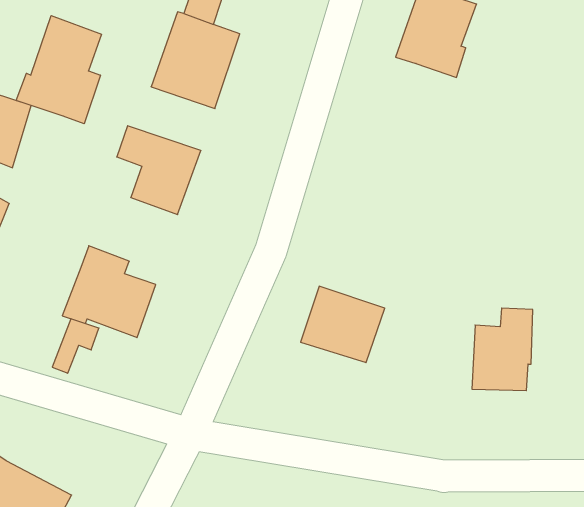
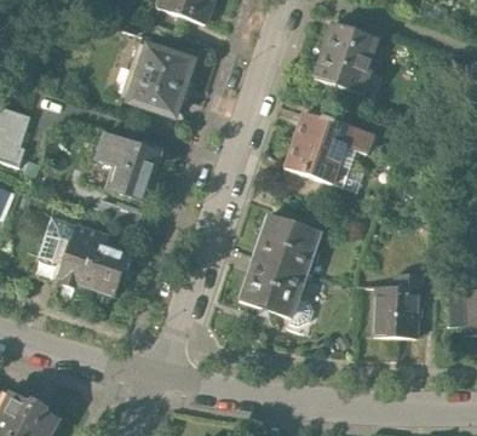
building: [16,16,102,124] -> none
building: none -> [283,111,373,183]
building: none -> [254,213,318,272]
building: [52,319,99,373] -> [39,217,75,259]

